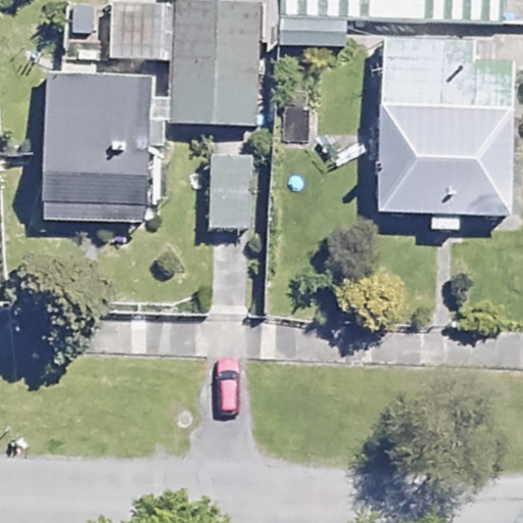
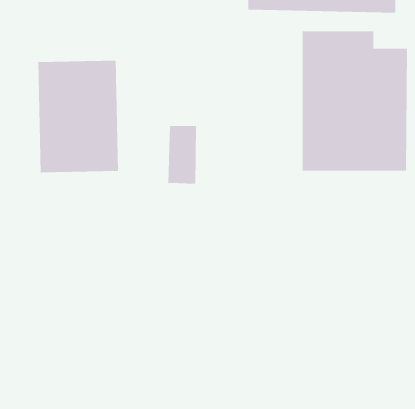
building: [173,5,254,122] -> none

